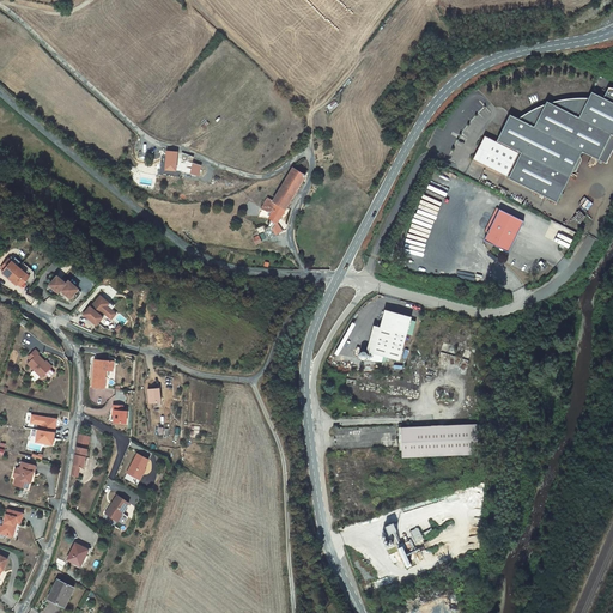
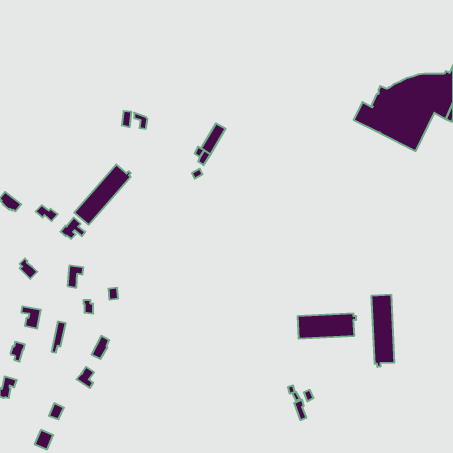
building: [484,206,523,250] -> none
building: none -> [74,164,131,225]
building: [366,309,411,360] -> none
building: none -> [372,295,394,367]

